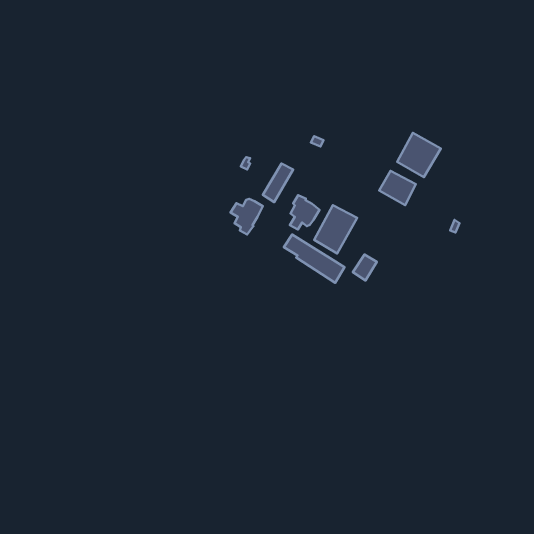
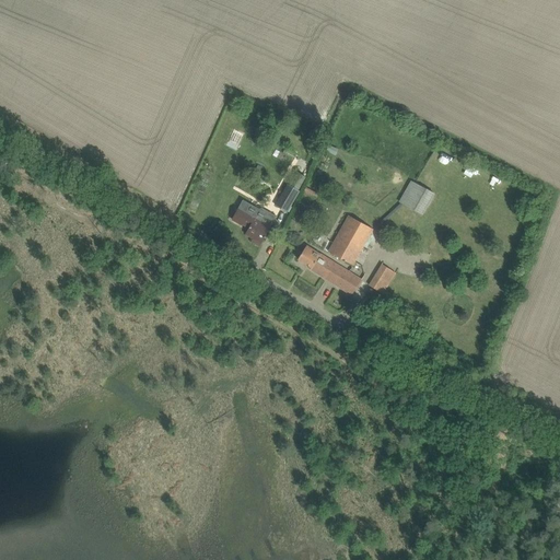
building: [397,133,441,177] -> none
building: [290,195,319,229] -> none

